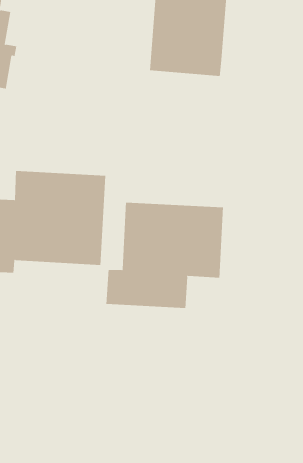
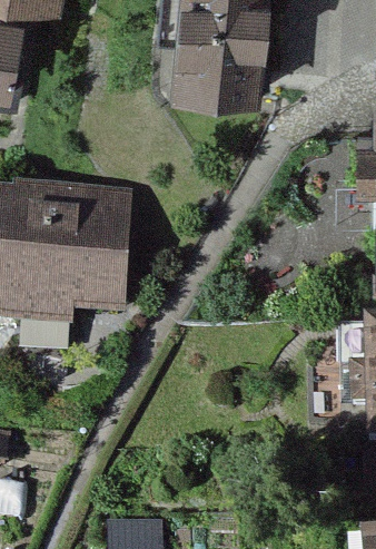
building: [106,202,224,309] -> none

